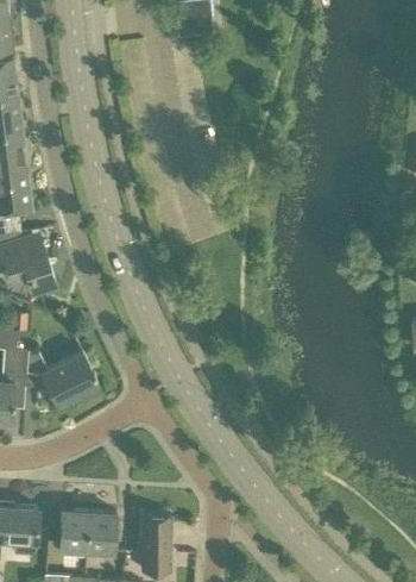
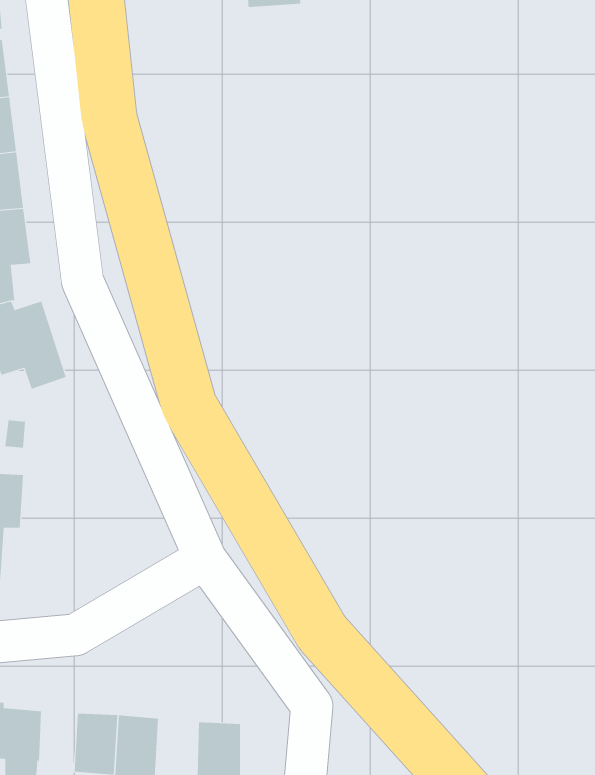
building: [24,352,97,407] -> none

